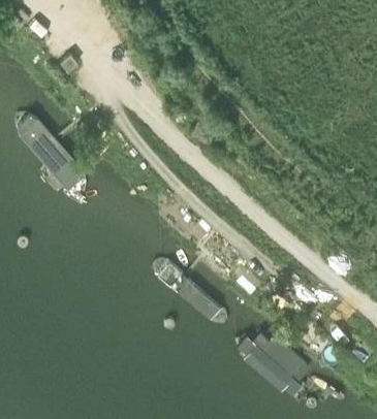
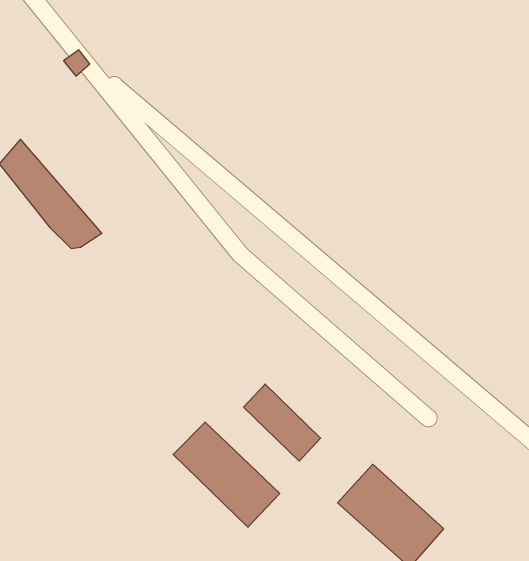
building: none -> [173,422,280,527]

